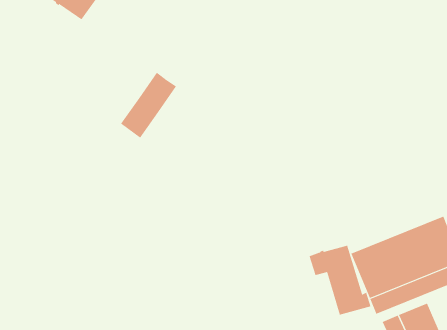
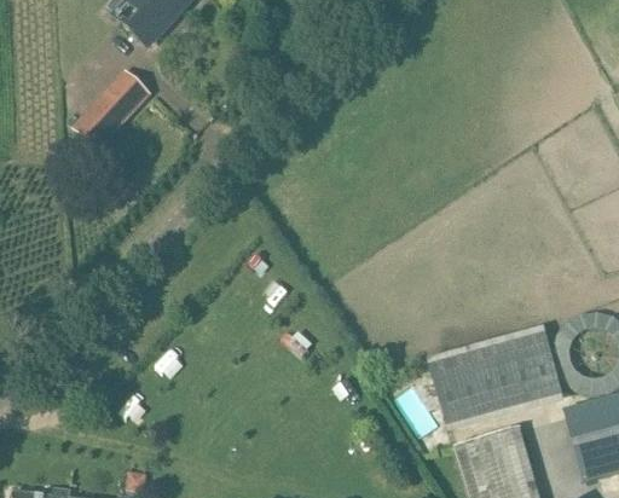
building: [120,72,177,138] -> [75,71,147,147]
building: [309,245,371,315] -> none

